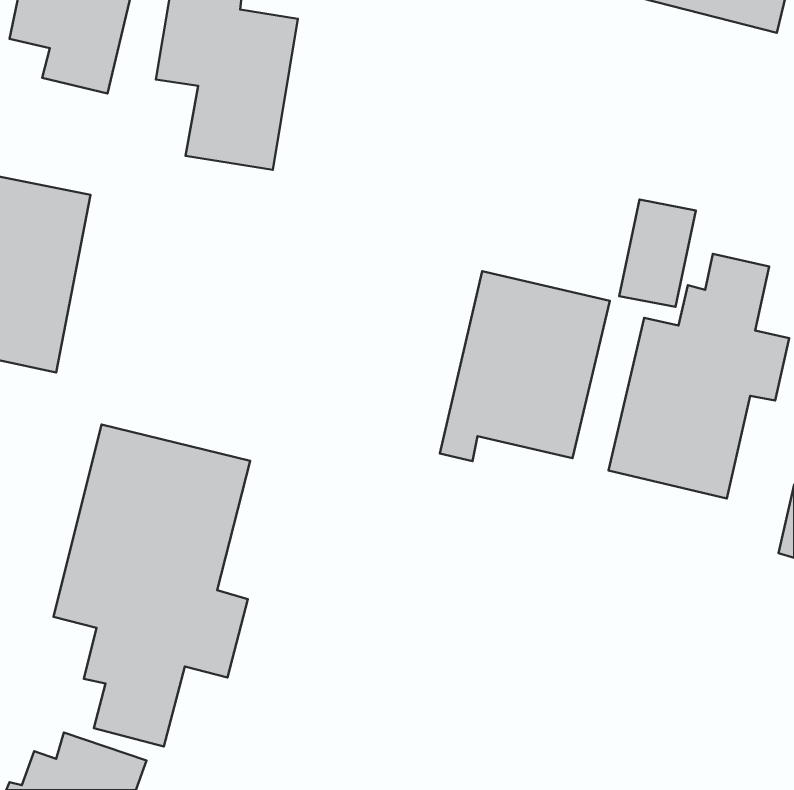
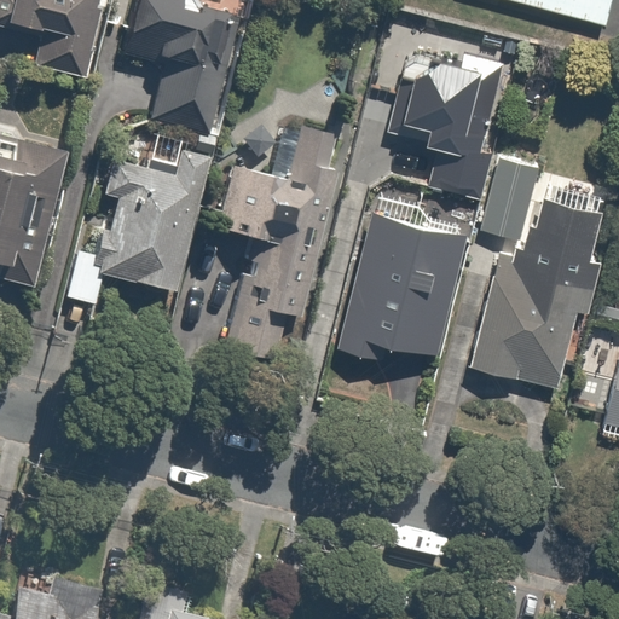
building: none -> [403,47,505,197]
building: none -> [221,125,343,361]
building: none -> [63,156,195,305]
building: [54,424,250,746] -> none

